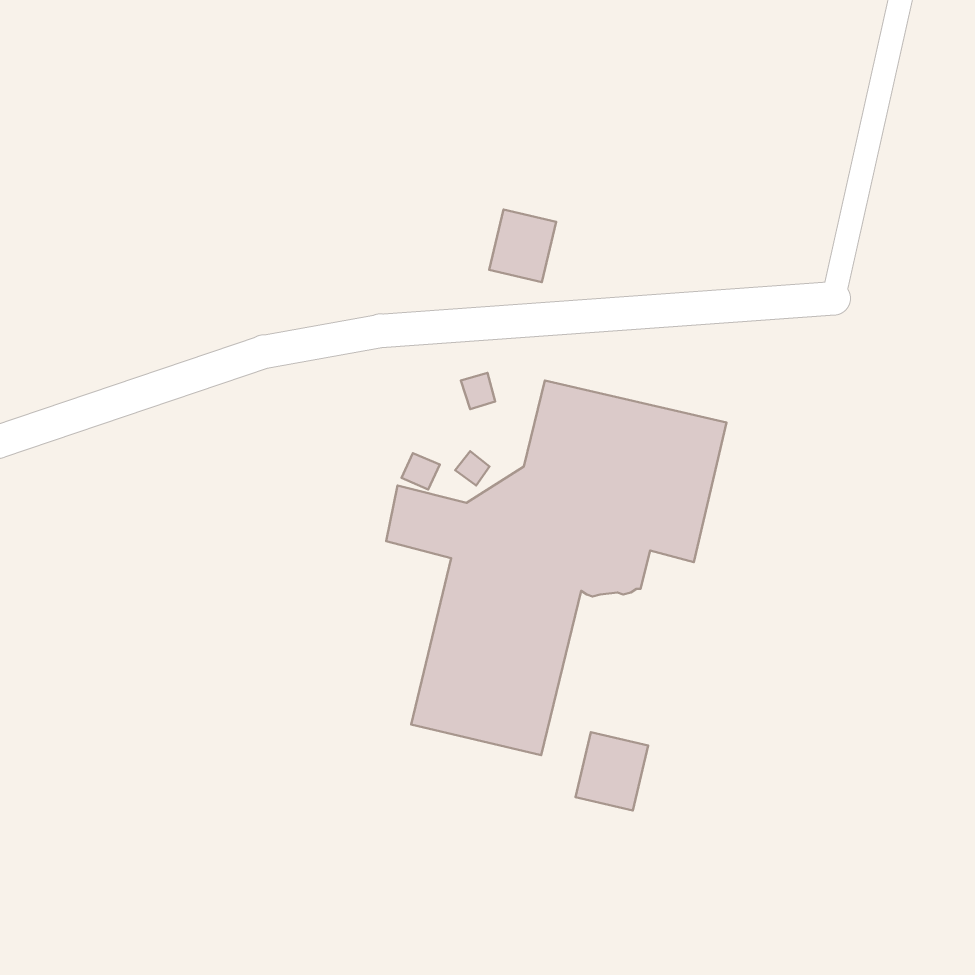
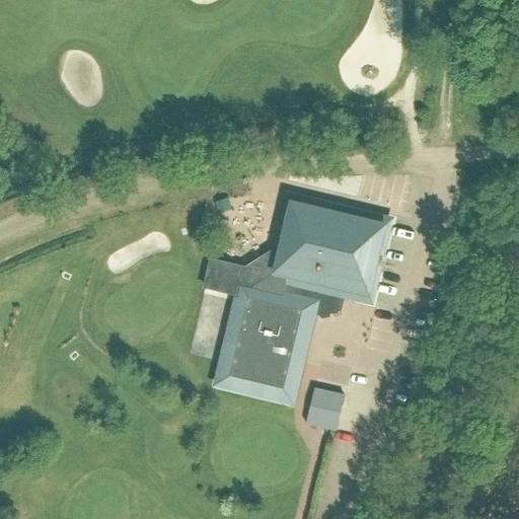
building: [489,209,556,282] -> none

